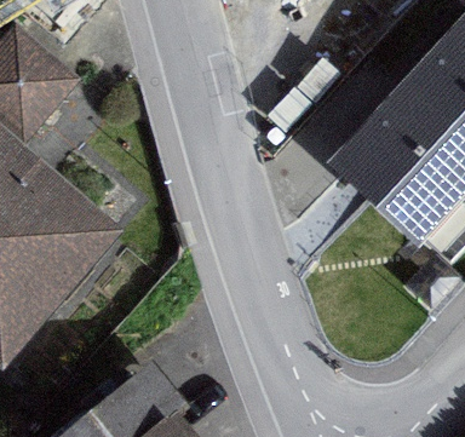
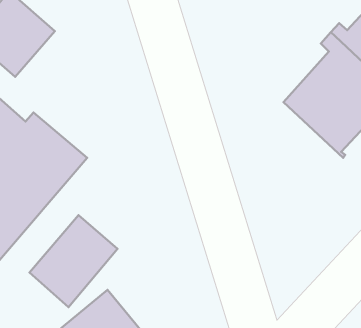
building: none -> [29,215,117,307]

